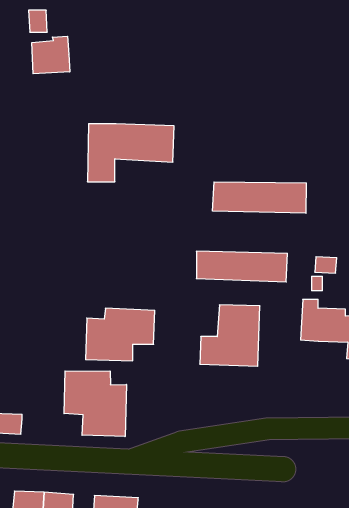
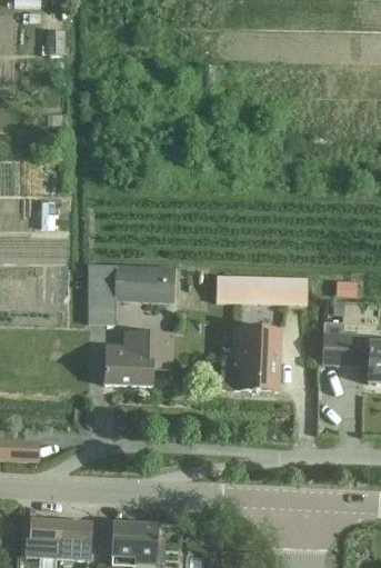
building: [32,36,70,74] -> none
building: [87,124,174,182] -> [87,263,174,322]
building: [213,182,306,213] -> none
building: [64,371,126,437] -> none

